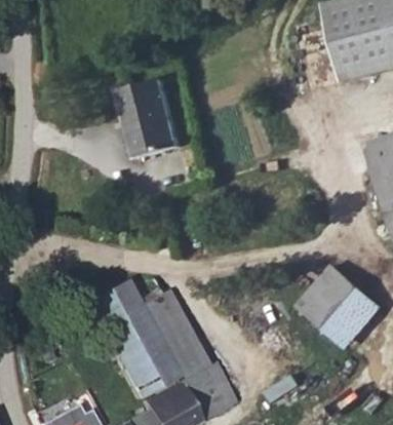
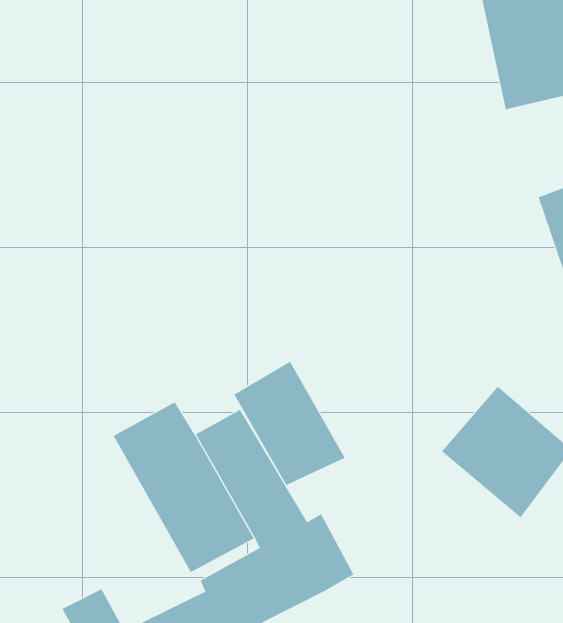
building: [121,83,178,161] -> none
building: none -> [234,361,345,486]

